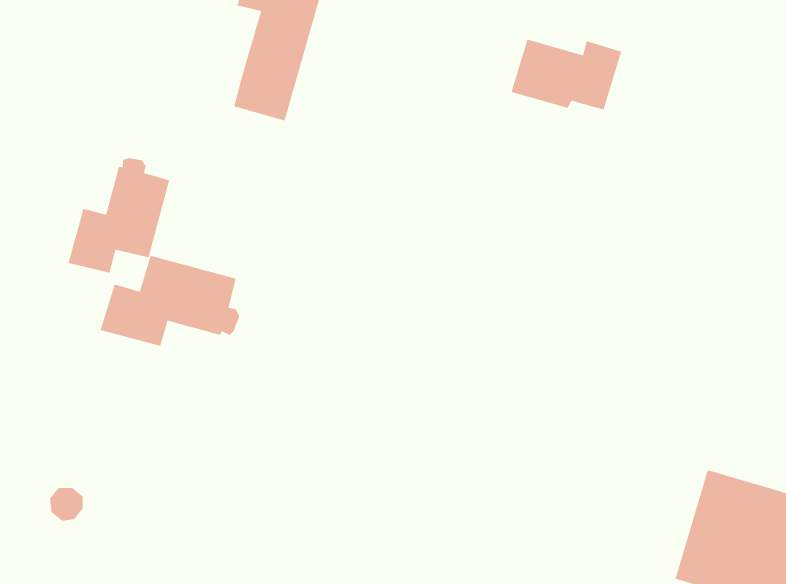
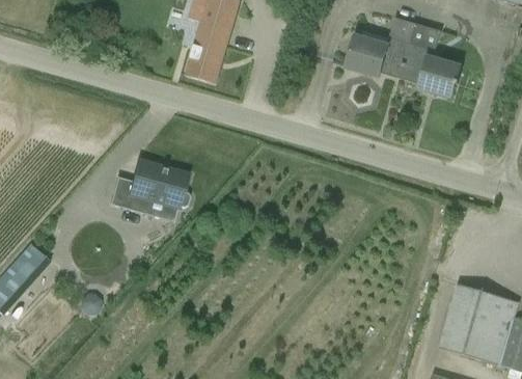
building: none -> [400,22,461,96]
building: [67,157,170,273] -> none

